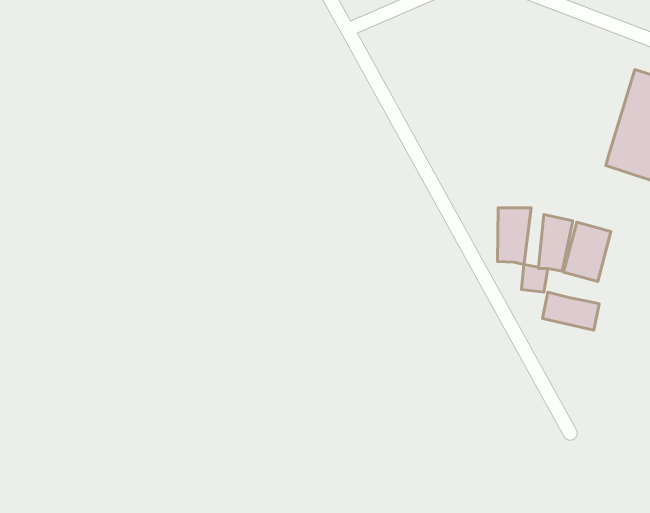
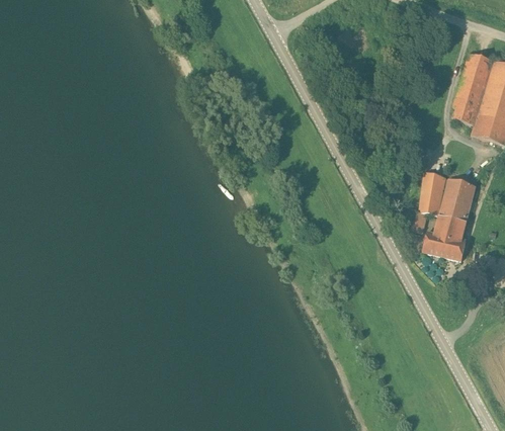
building: none -> [452,53,493,123]
building: [498,208,531,264] -> none
building: none -> [436,216,465,239]

